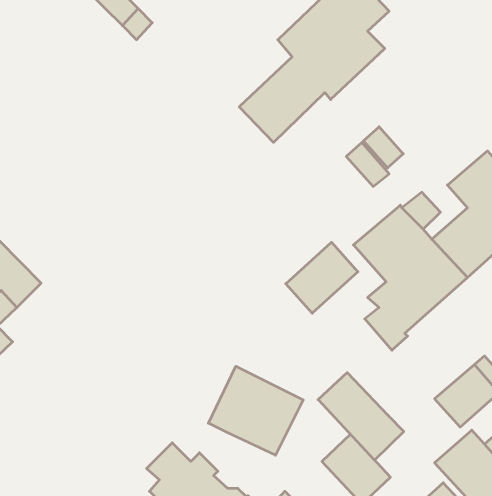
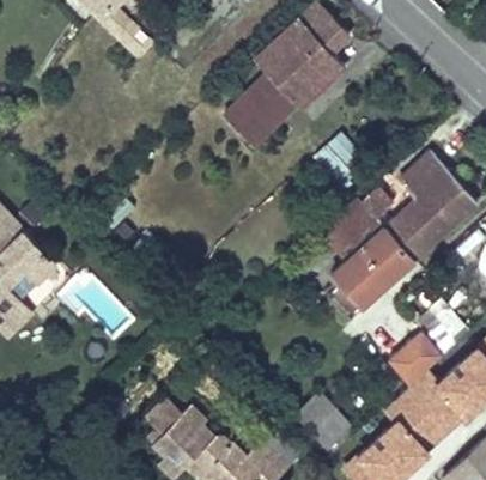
building: [286,242,358,313] -> none
building: [208,366,303,455] -> none
building: [318,373,404,460] -> none

